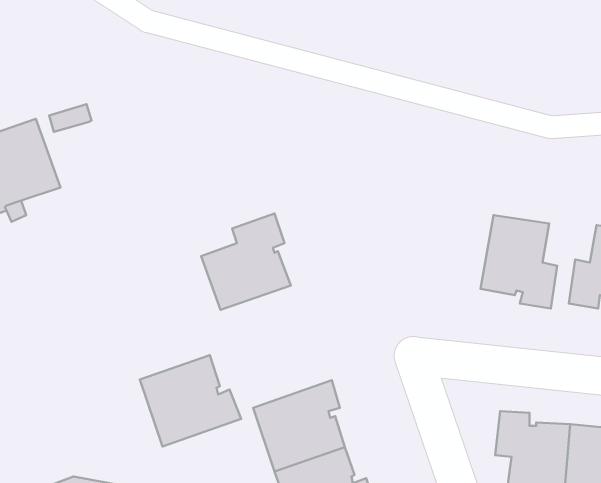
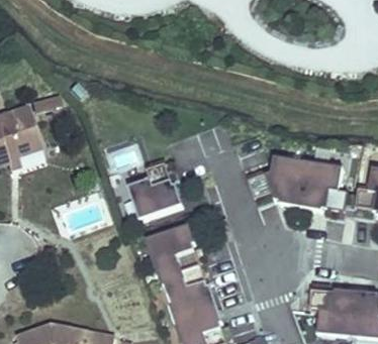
building: none -> [248,156,308,207]
building: [140,355,241,447] -> [146,224,208,280]

